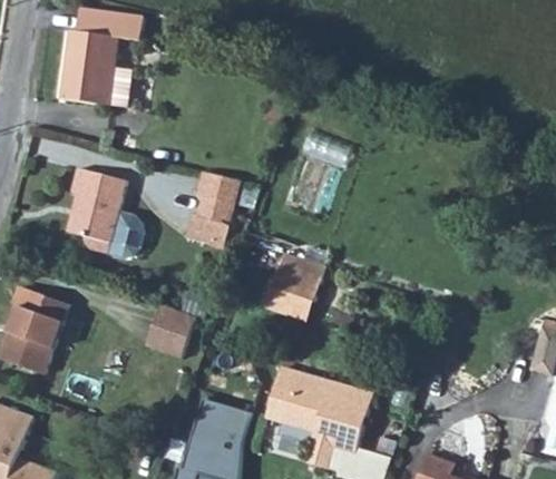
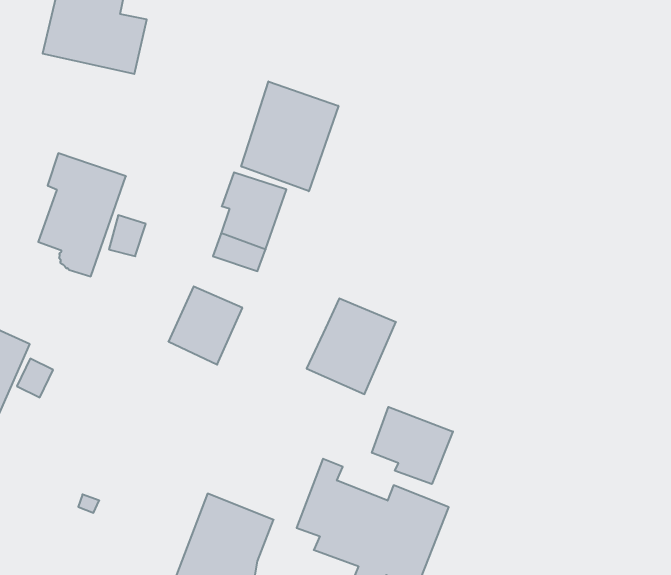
building: none -> [241,81,338,191]
building: [145,304,195,358] -> [168,286,242,365]
building: none -> [372,407,453,484]

